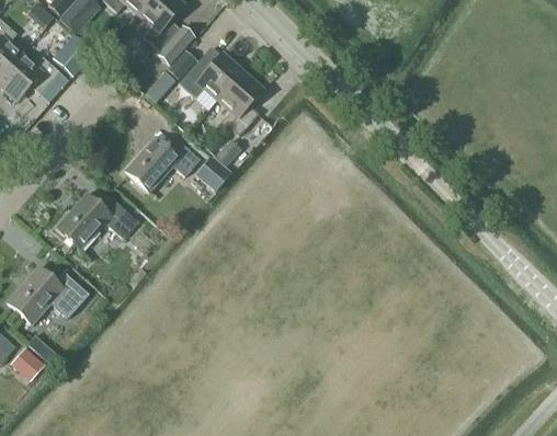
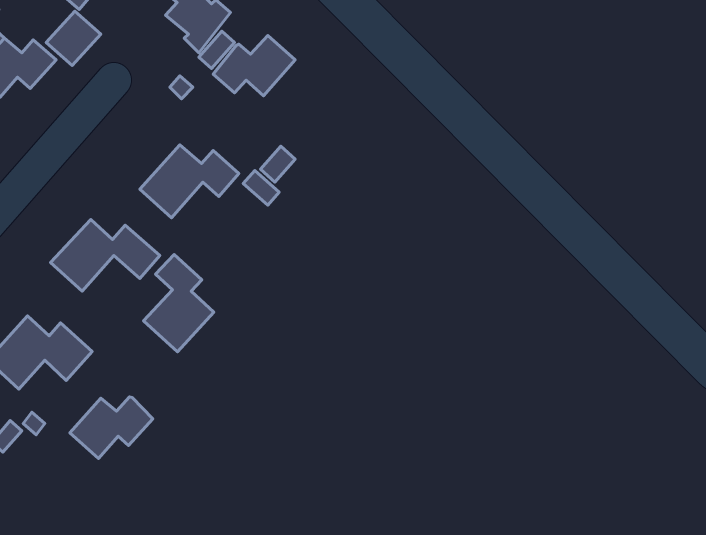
building: [218,71,262,134] -> none
building: none -> [143,254,214,352]
building: none -> [70,397,153,459]

